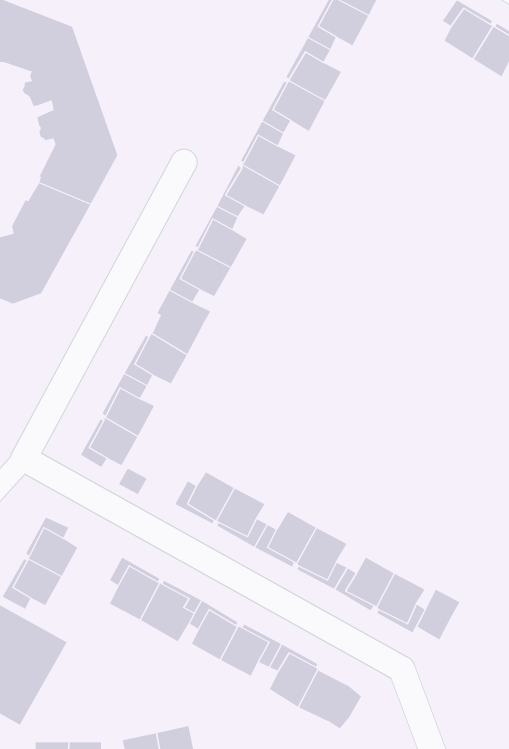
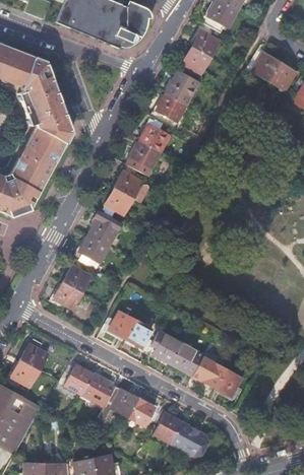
building: [416,589,460,640] -> none

